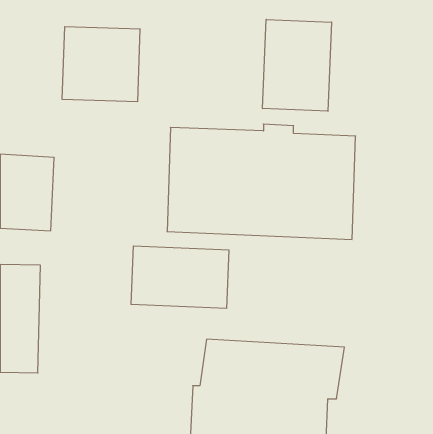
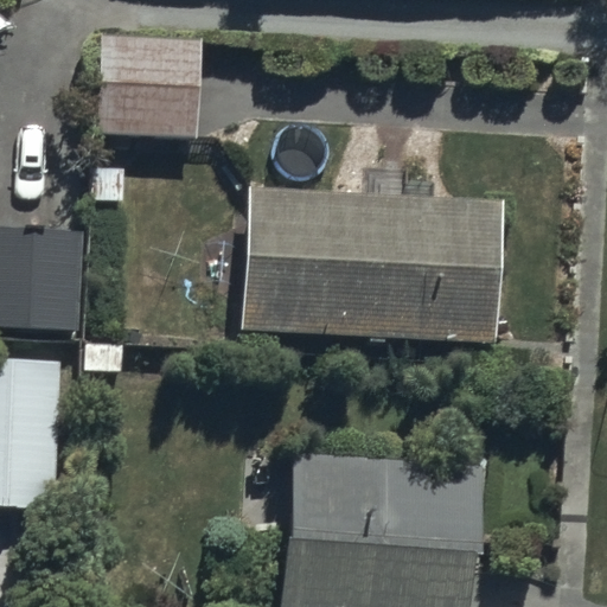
building: [263,19,332,111] -> none
building: [131,246,229,308] -> none

